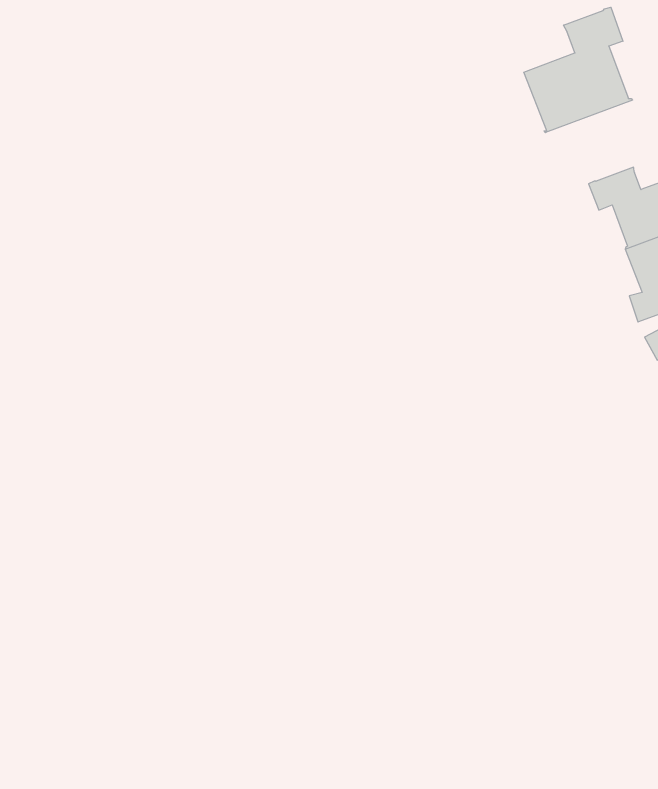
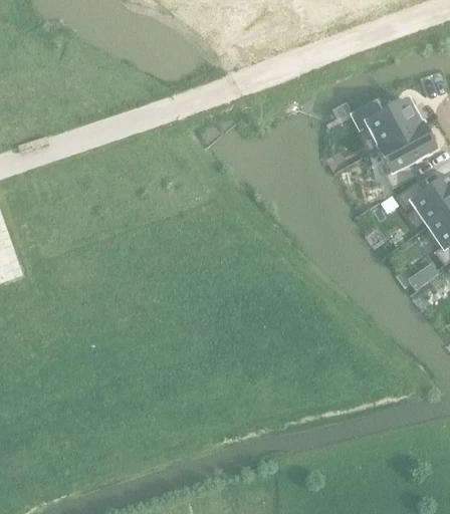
building: [524,7,633,133] -> none

